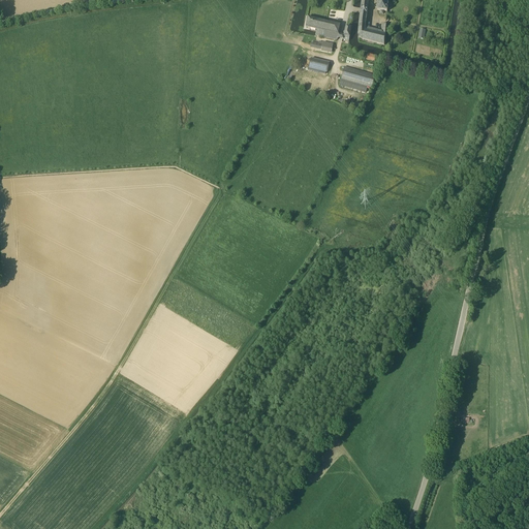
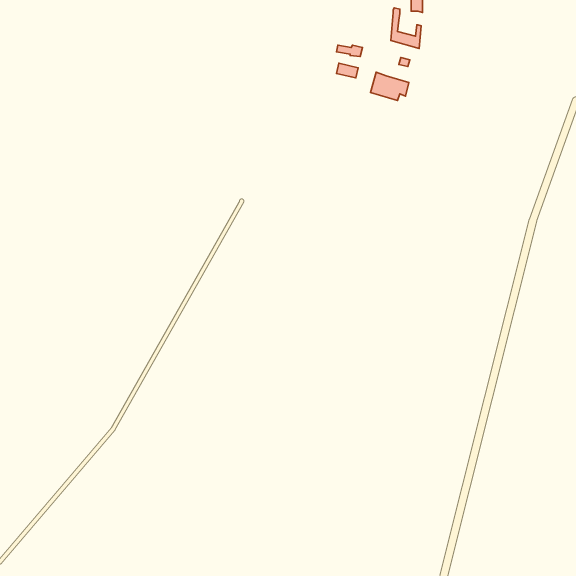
building: [305,17,340,39] -> none

